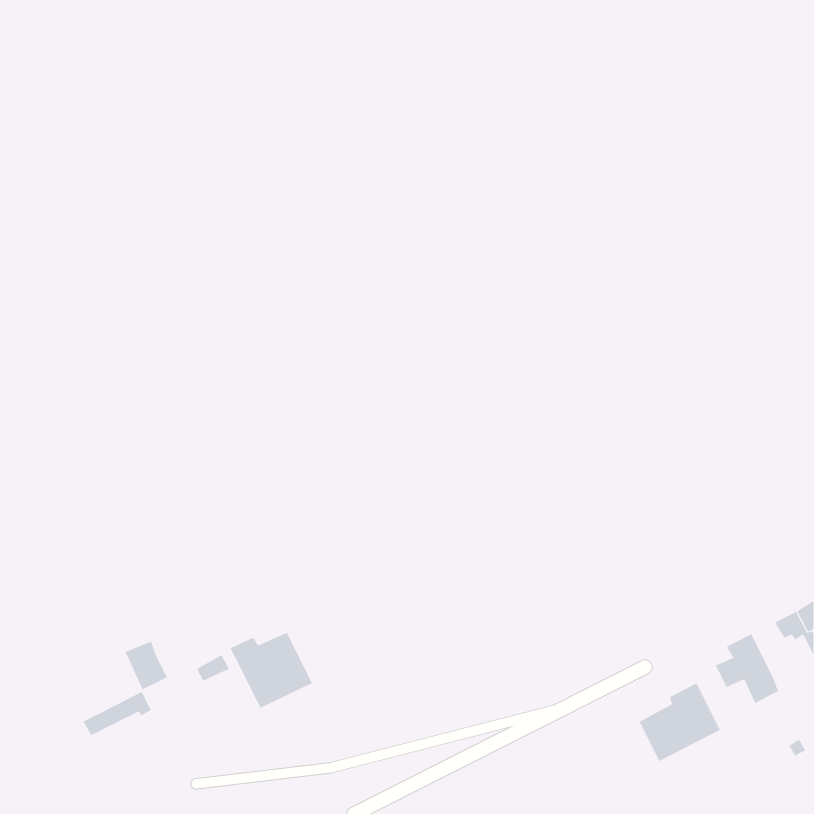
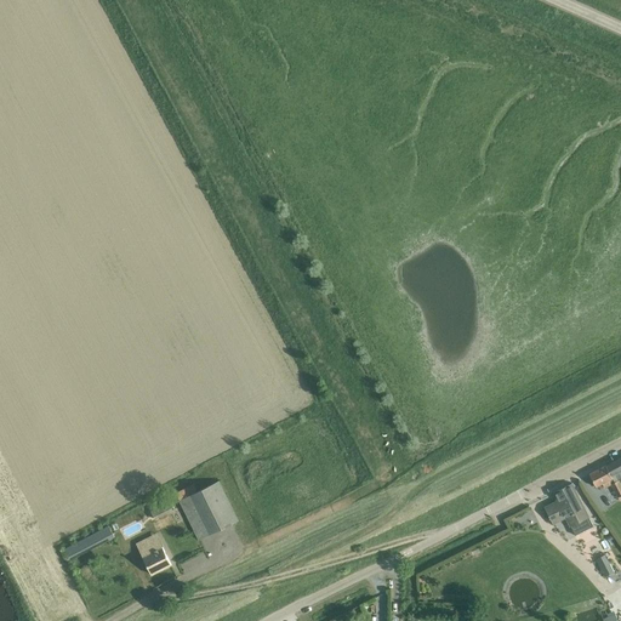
building: [125,641,168,690] -> [138,536,171,574]
building: [639,682,721,762] -> none

